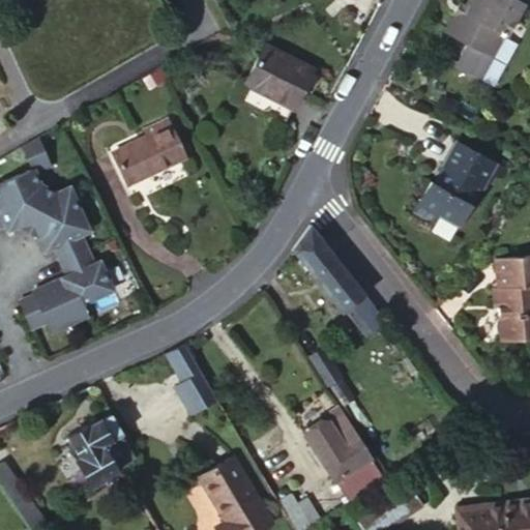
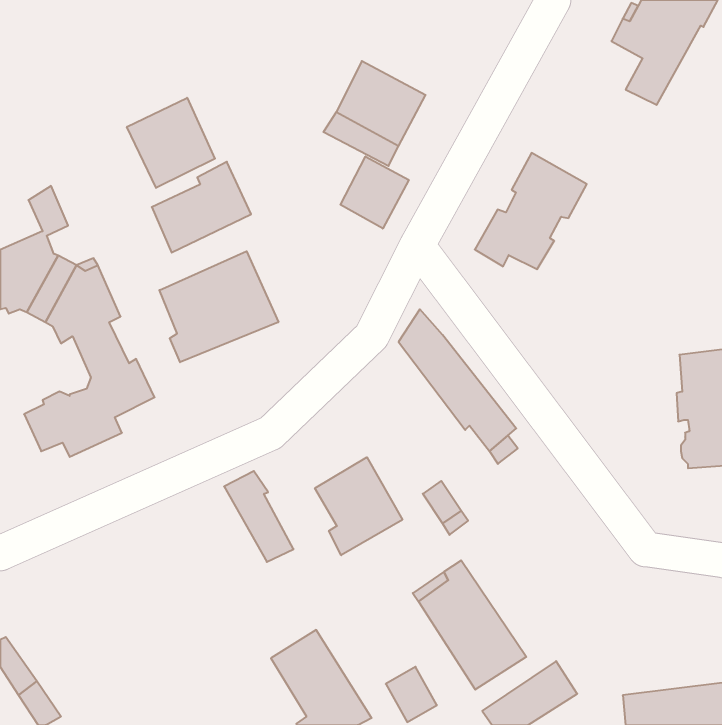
building: none -> [127,98,215,188]
building: none -> [340,156,409,229]
building: [415,142,497,227] -> [475,153,587,269]
building: none -> [159,251,278,362]
building: none -> [315,457,402,555]
building: [67,413,134,487] -> none

